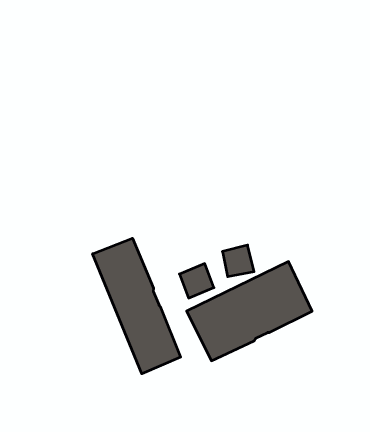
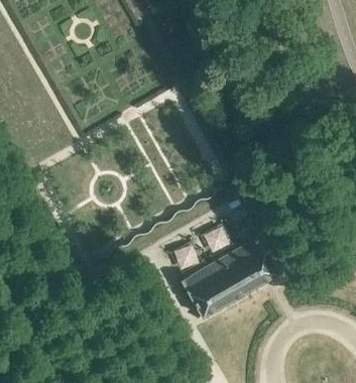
building: [93,238,181,374] -> none

